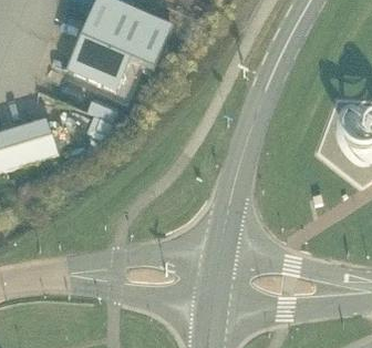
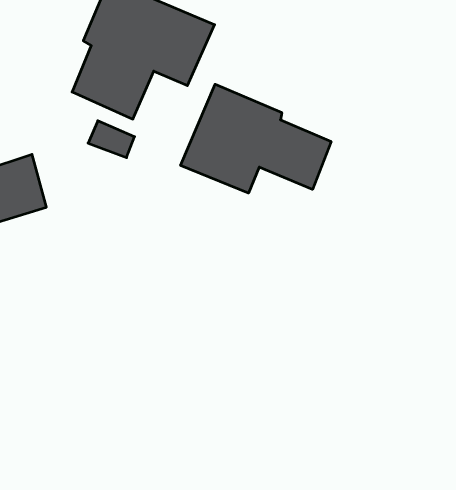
building: none -> [181,84,331,193]

